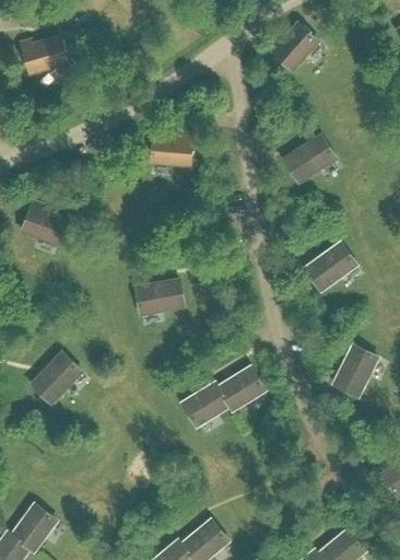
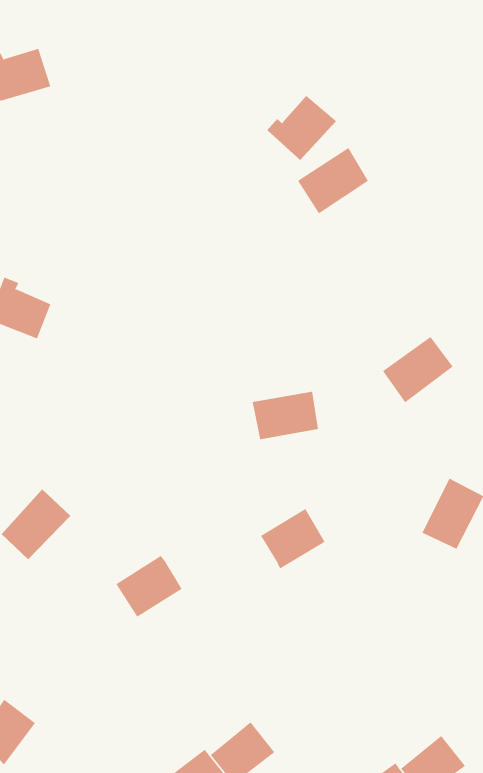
building: [269,23,319,70] -> [267,95,337,161]
building: [152,132,192,166] -> none
building: [284,135,336,183] -> [297,147,369,214]
building: [136,279,184,314] -> [252,391,319,440]
building: [181,382,230,427] -> [116,555,183,618]

